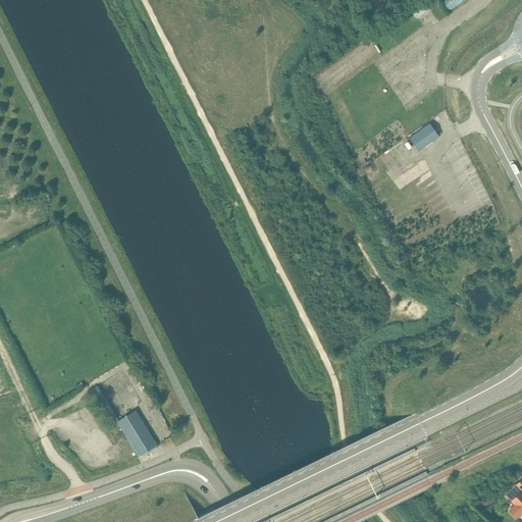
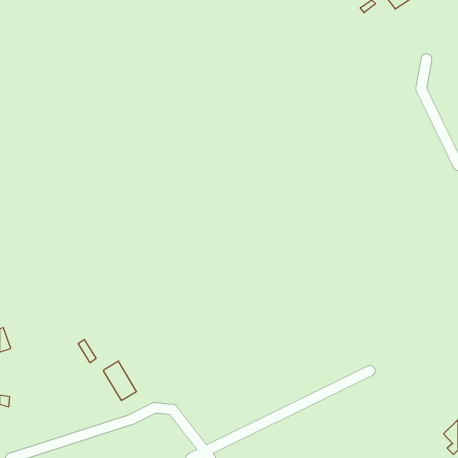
building: [409,122,438,150] -> none

